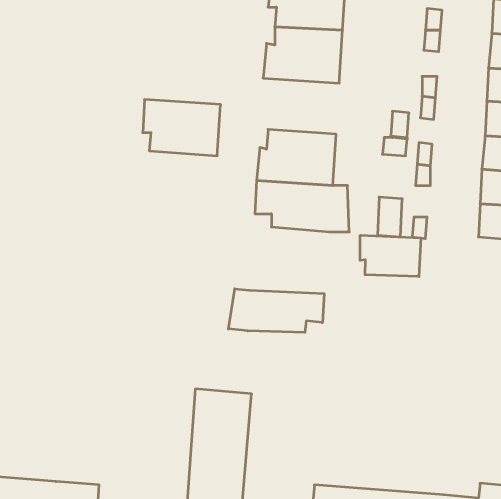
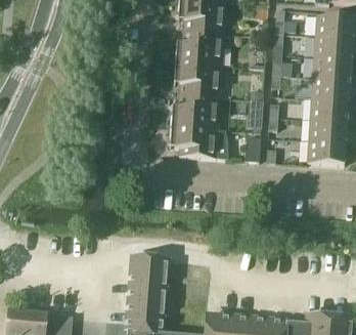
building: [143,100,221,156] -> [174,62,222,97]
building: [360,235,421,277] -> none
building: [228,289,324,332] -> none

